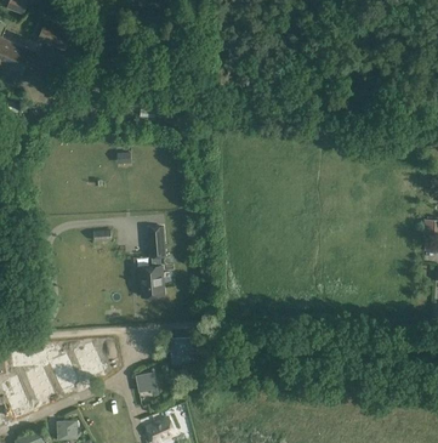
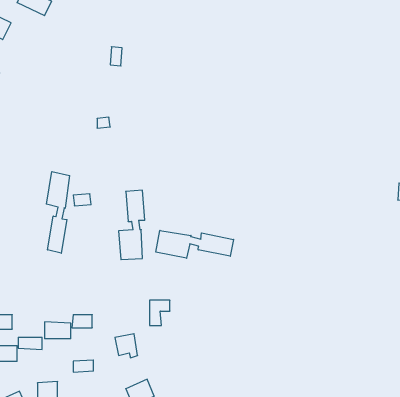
building: none -> [46,172,70,253]
building: none -> [156,230,234,258]

